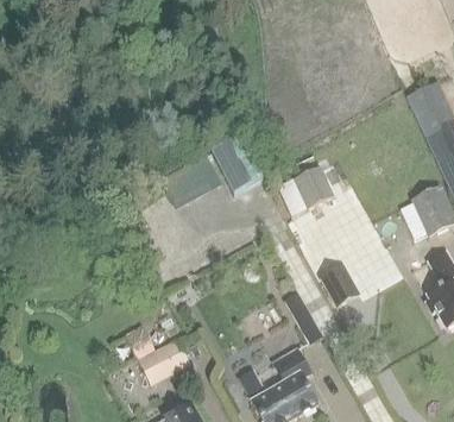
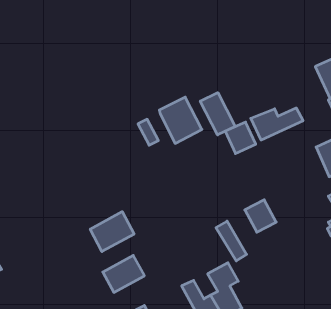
building: none -> [200,93,235,135]
building: none -> [251,108,303,140]
building: none -> [90,212,134,252]

